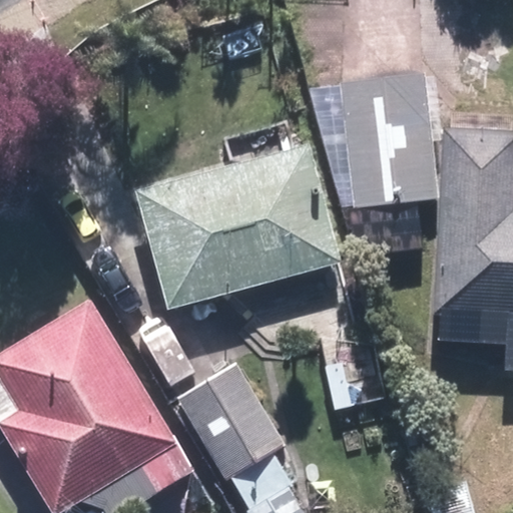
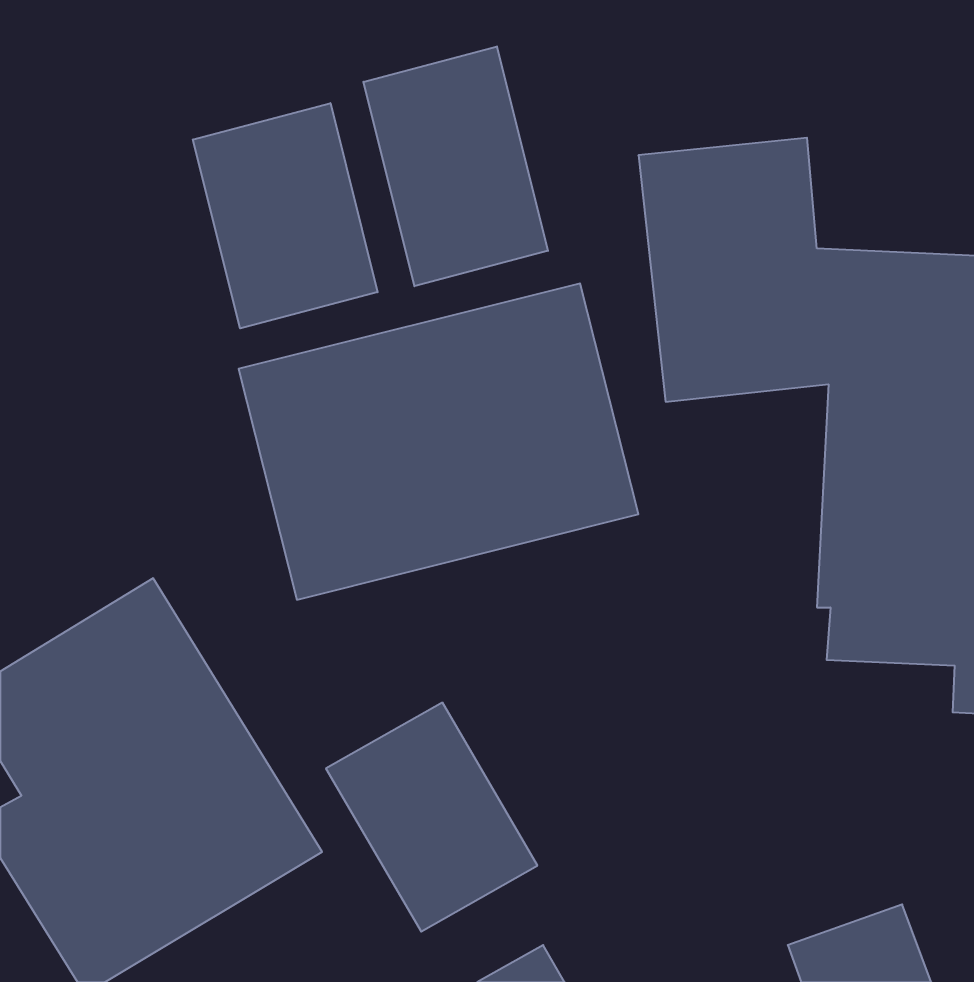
building: none -> [363,46,548,286]
building: none -> [193,103,378,328]

